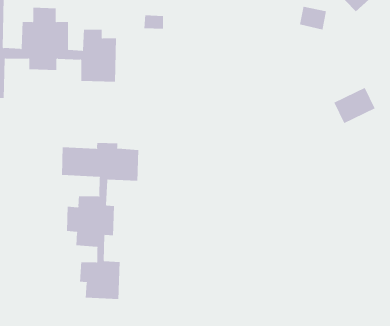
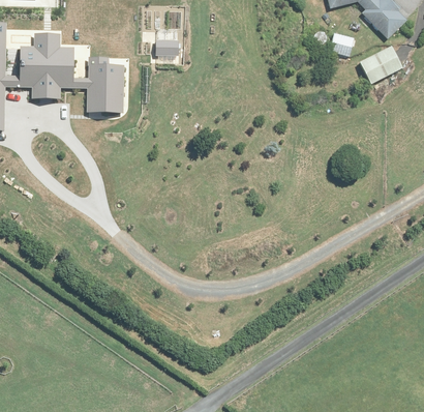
building: [333,87,376,124] -> [355,43,400,83]
building: [61,142,139,300] -> none

